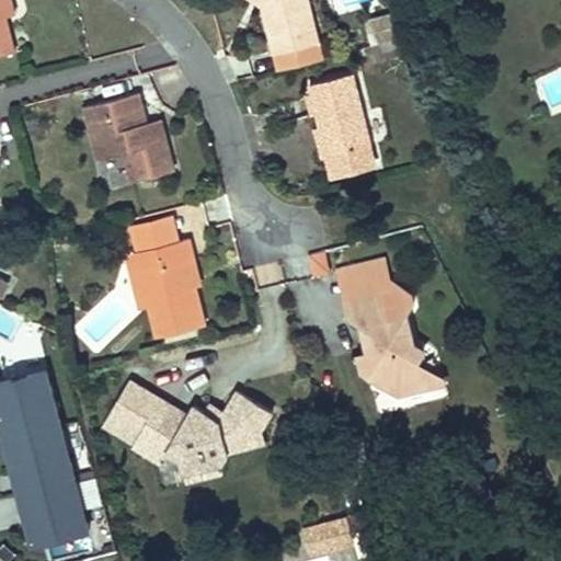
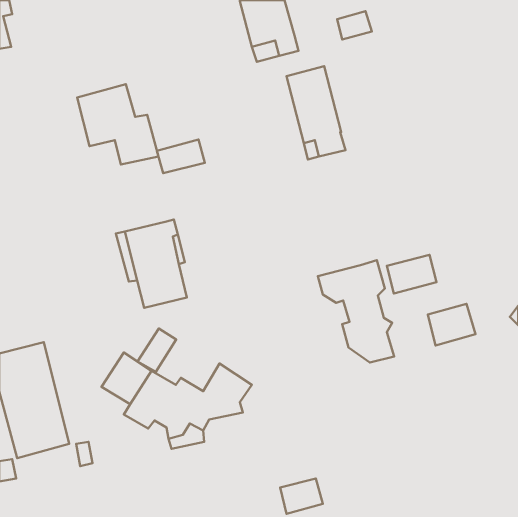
building: [128,216,180,252] -> [157,140,205,173]
building: [335,259,389,300] -> [387,255,437,293]
building: none -> [428,304,475,345]
building: none -> [138,328,176,372]
building: [19,481,87,545] -> none

